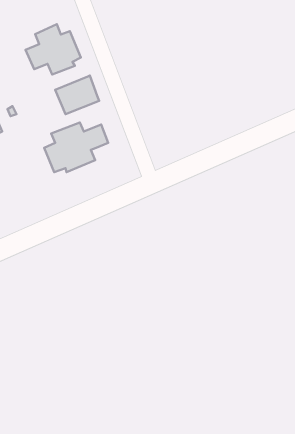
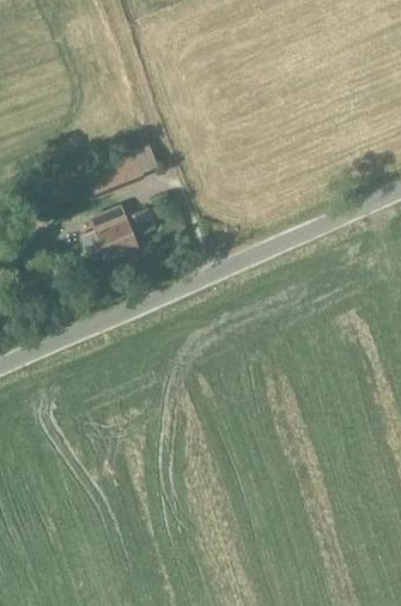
building: [26,24,81,75] -> none

